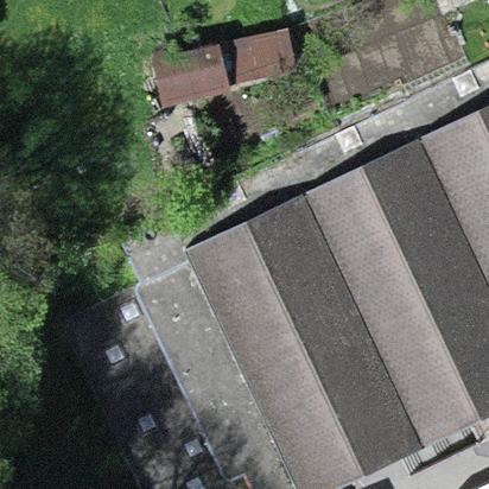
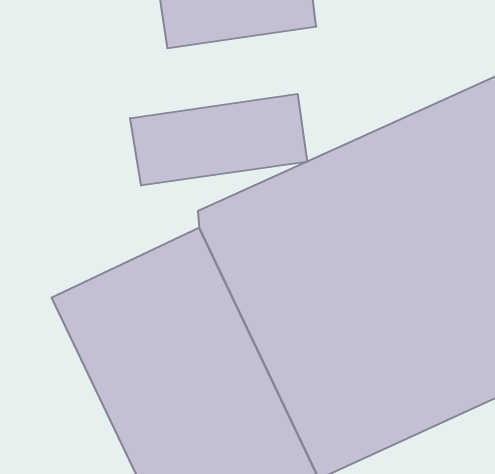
building: none -> [130,94,307,186]

